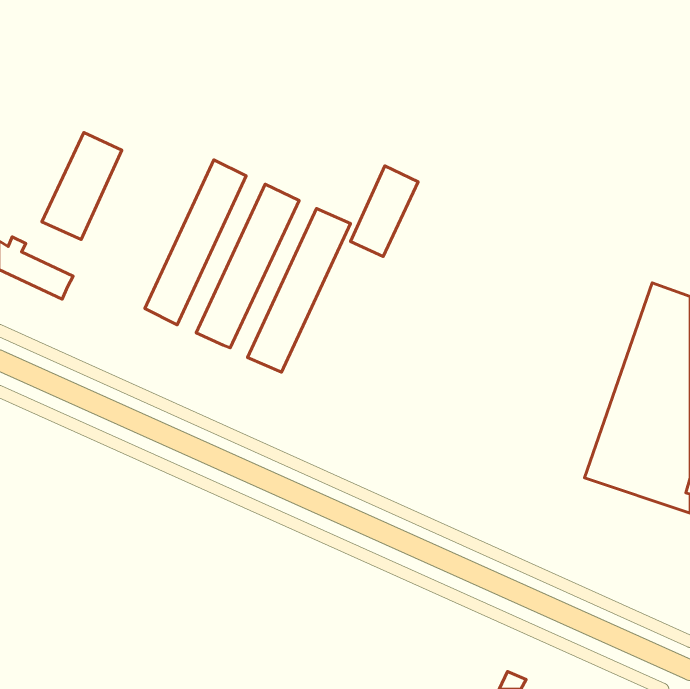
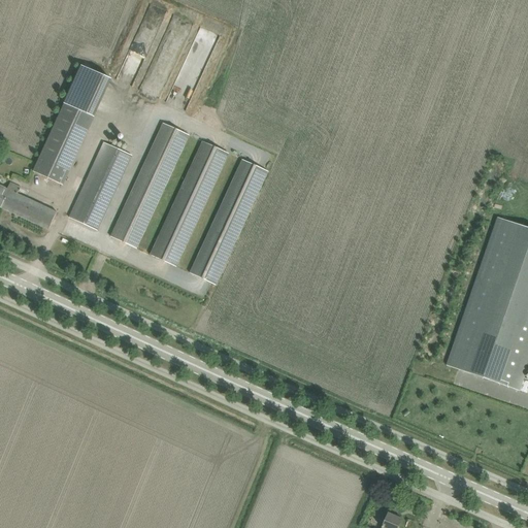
building: none -> [64,64,110,114]
building: [350,166,418,257] -> none
building: none -> [68,141,131,229]

